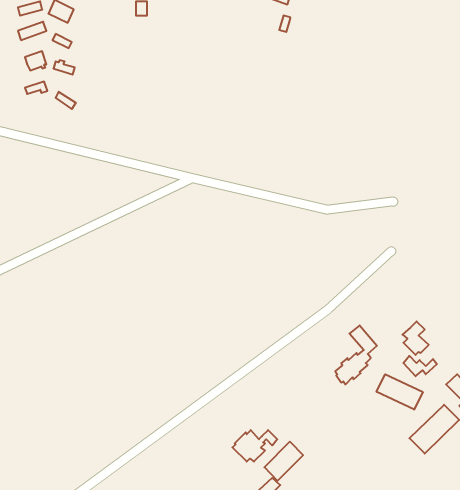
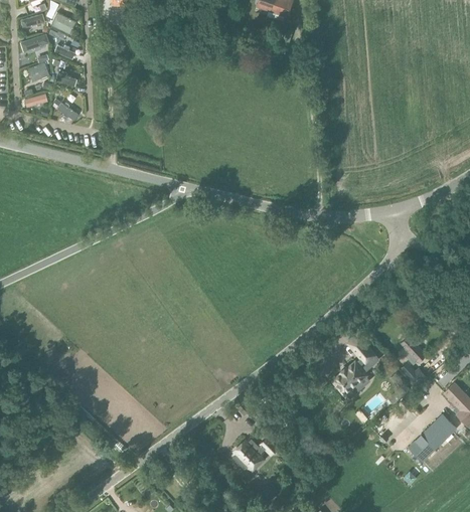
building: [377,374,423,410] -> none
building: [264,442,303,481] -> none

